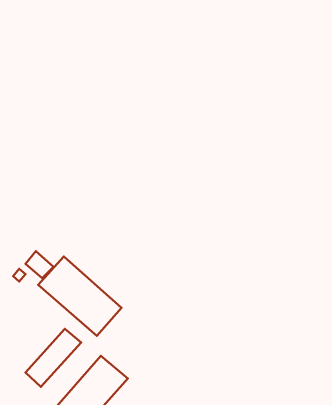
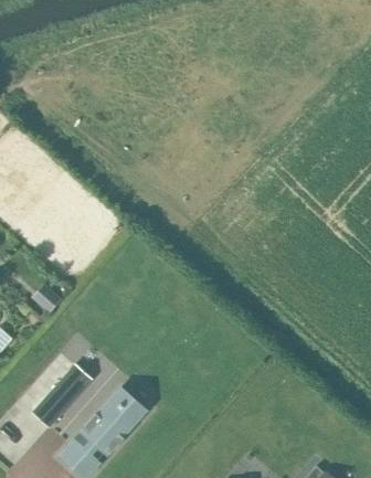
building: [38,257,122,336] -> none

